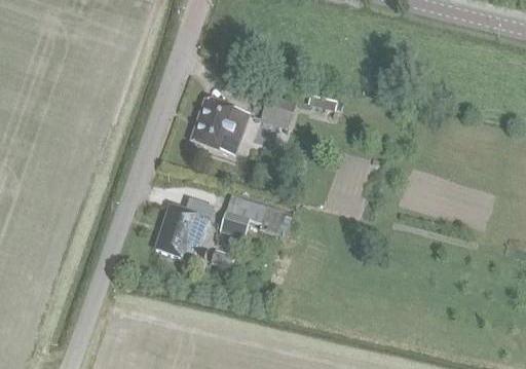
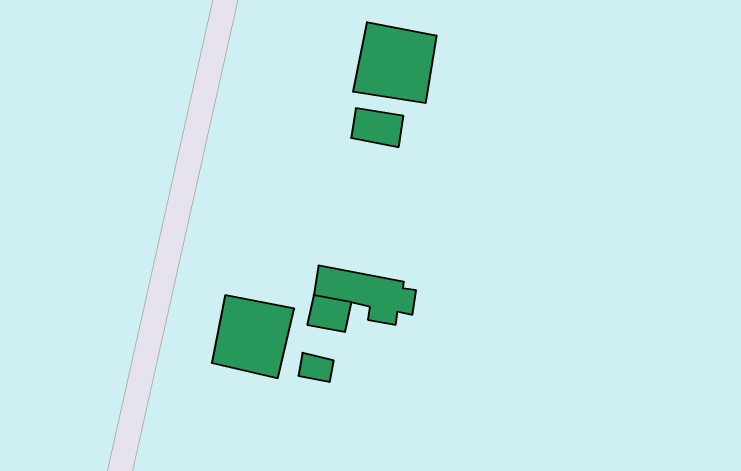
building: none -> [353,22,436,103]
building: [190,97,249,154] -> none

